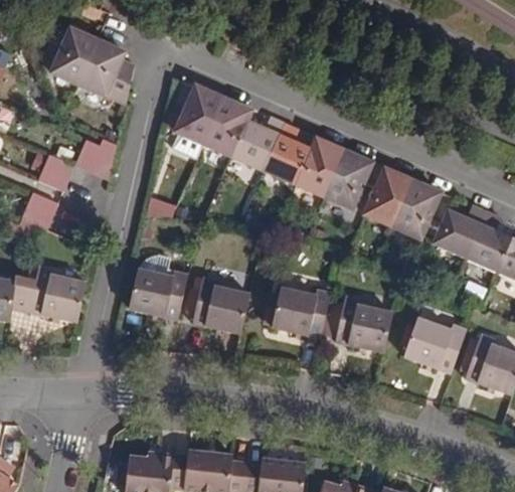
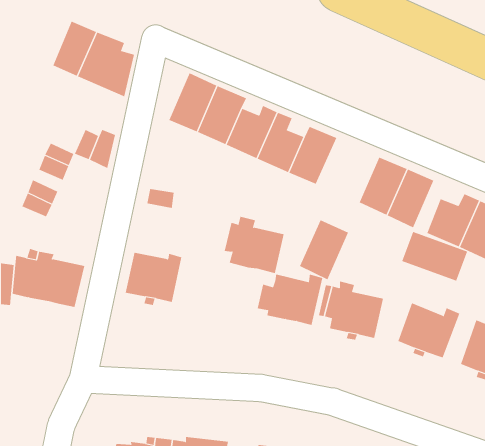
building: [321,149,371,210] -> [299,220,349,280]
building: none -> [401,231,468,281]
building: [184,273,245,331] -> [224,216,284,274]

